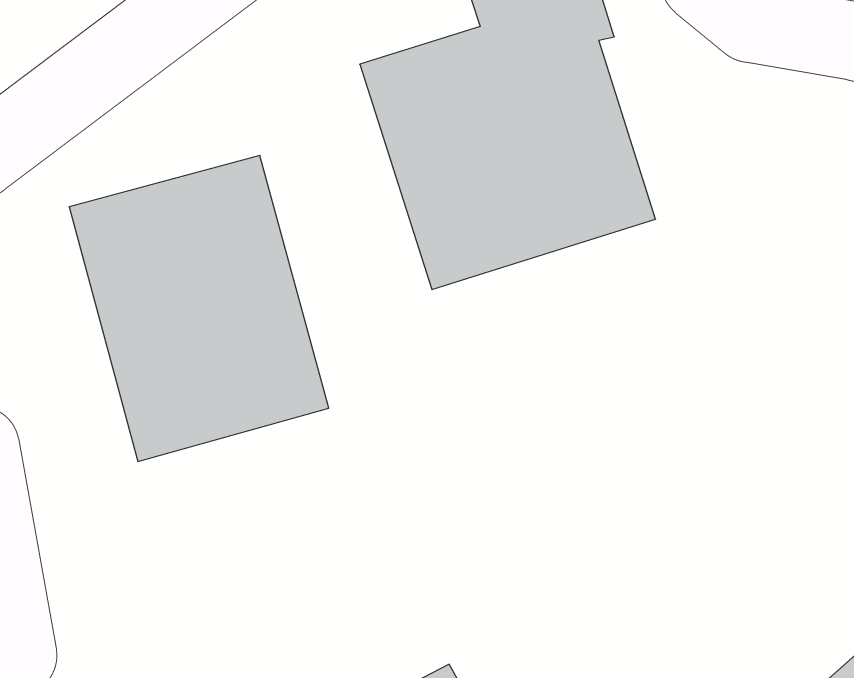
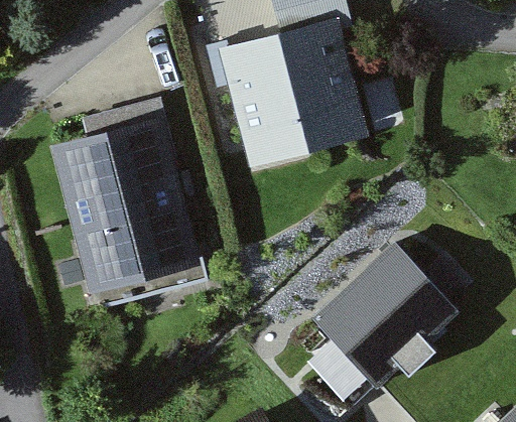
building: none -> [303,237,453,384]

